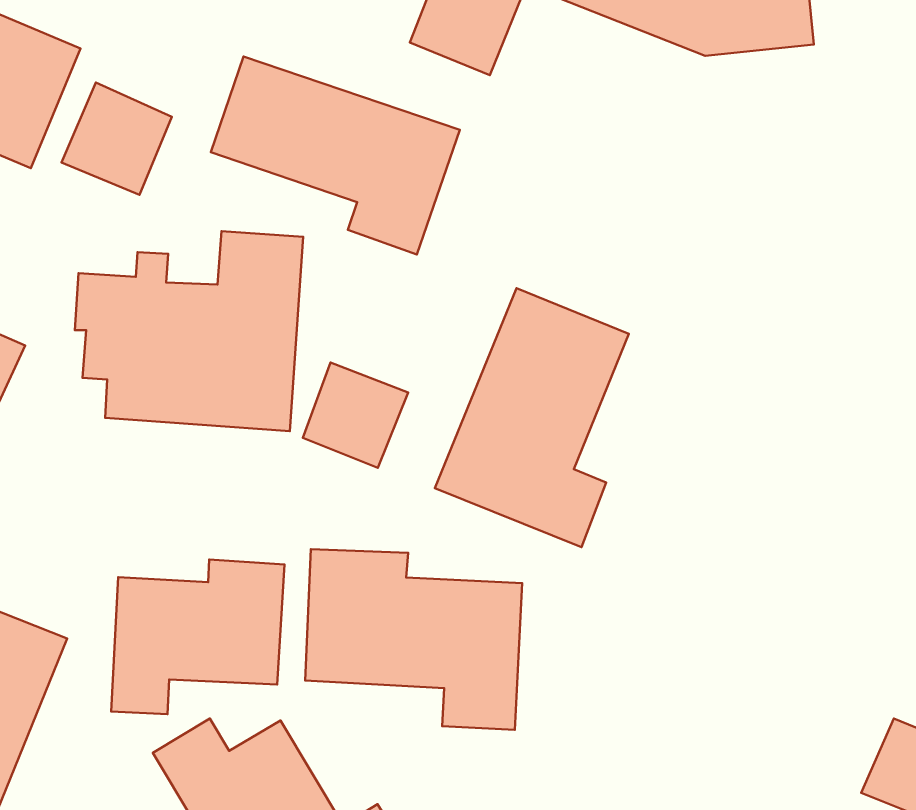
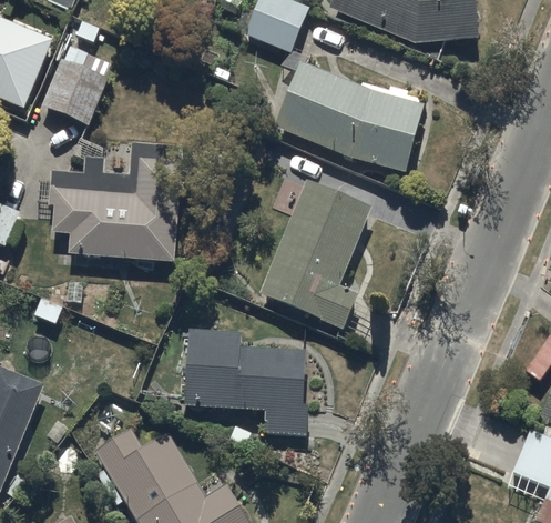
building: [211,56,460,255] -> none
building: none -> [274,60,426,172]
building: [303,362,408,468] -> none
building: [111,559,284,714] -> none

